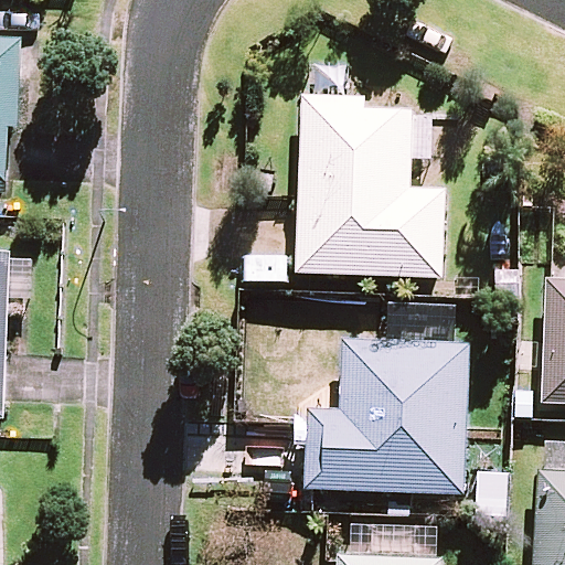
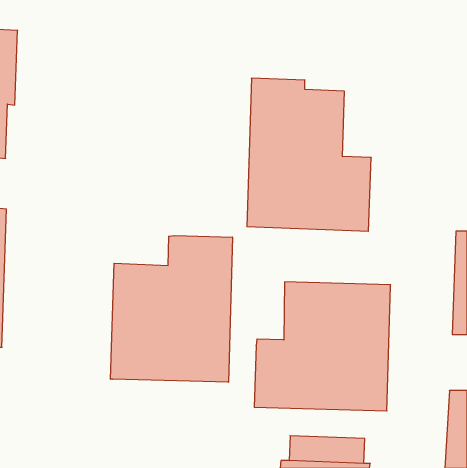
building: none -> [111,236,232,382]

